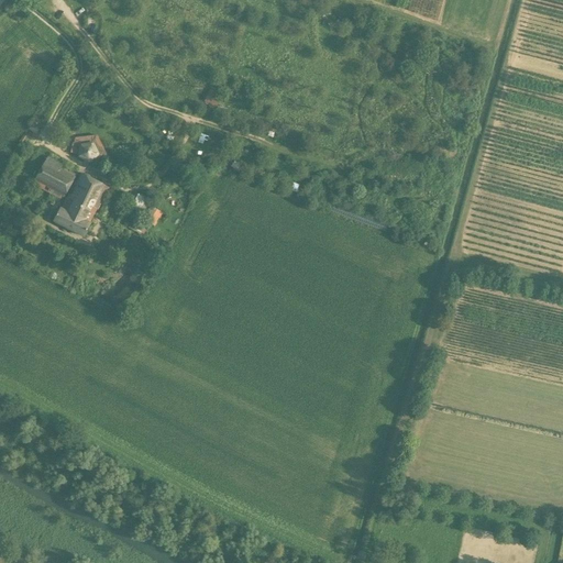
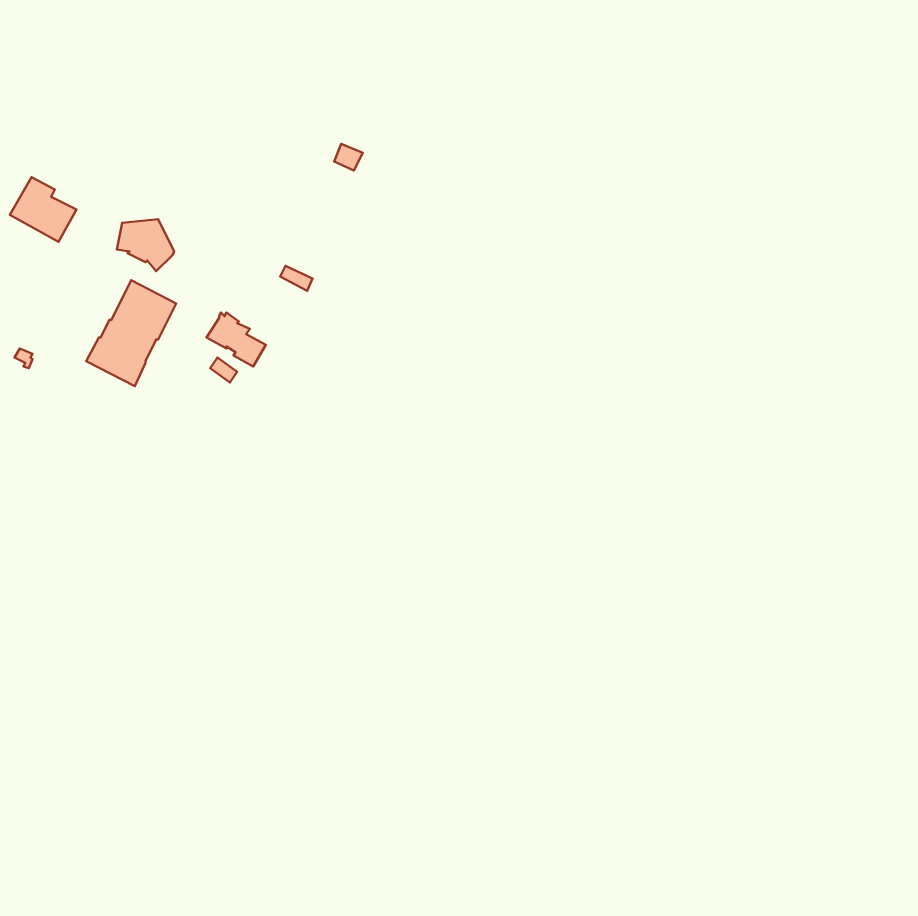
building: [34,156,75,196] -> [10,177,76,242]

